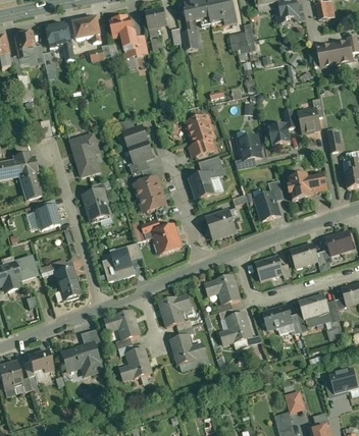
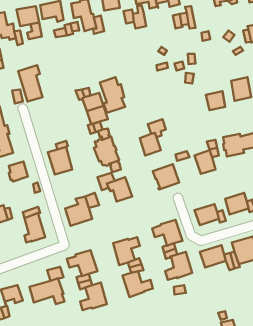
building: [186,115,215,157] -> [100,77,125,113]
building: [70,133,99,176] -> [18,65,42,102]
building: [237,134,263,162] -> none

